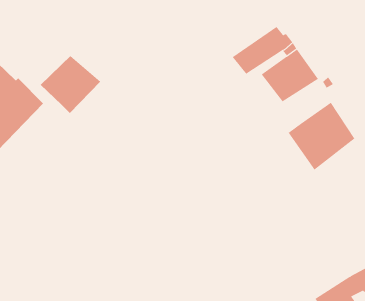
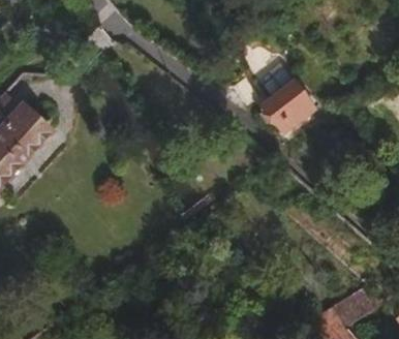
building: [40,55,101,114] -> none
building: [288,102,355,170] -> none

